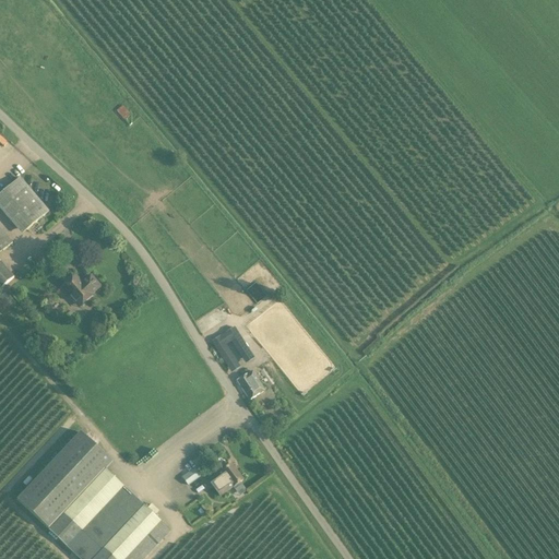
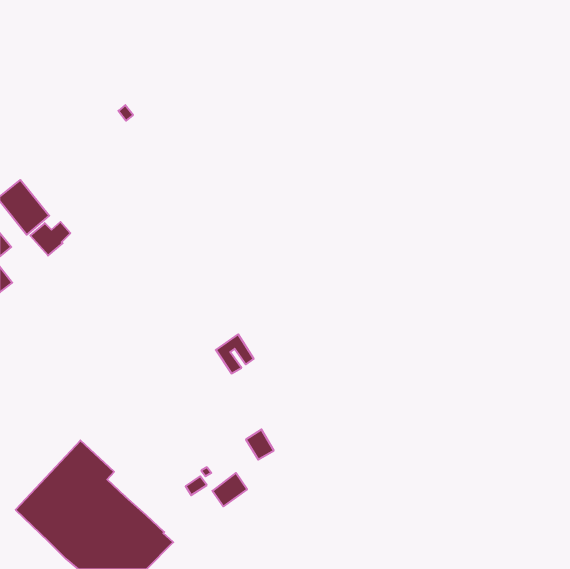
building: [60,273,99,306] -> [30,222,70,256]
building: [236,369,263,399] -> [246,429,274,460]

